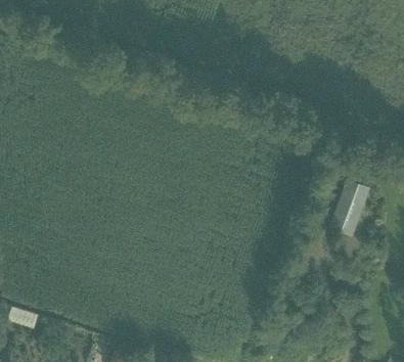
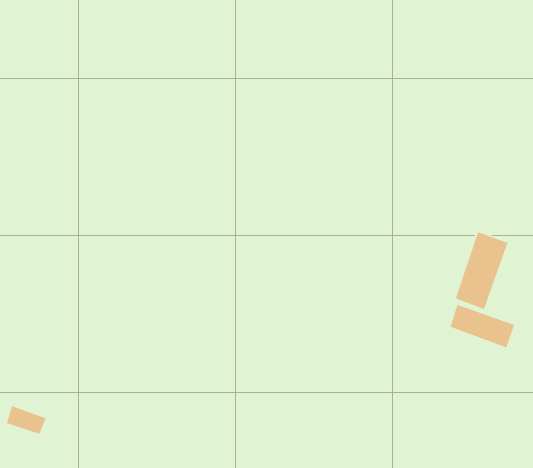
building: none -> [449,304,515,348]

